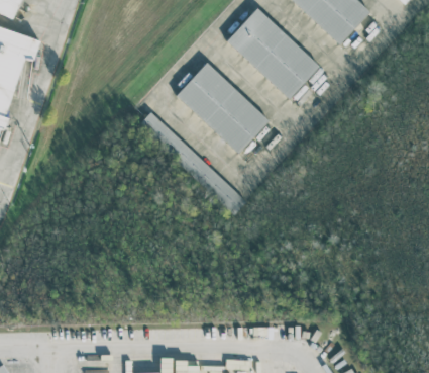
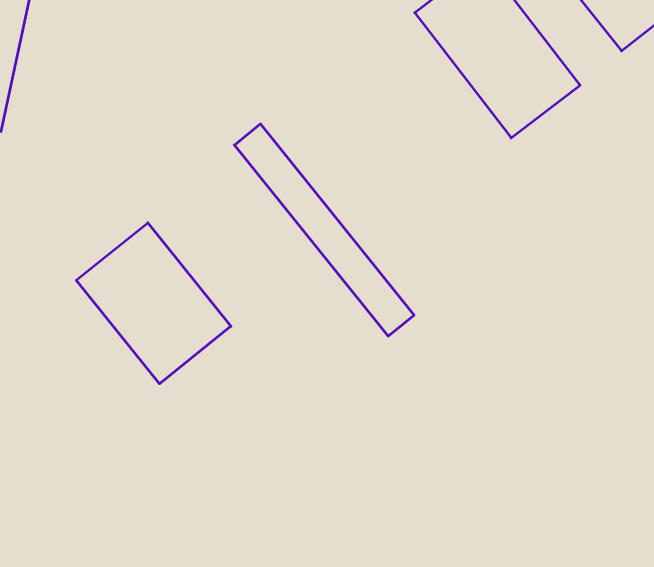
building: [173,60,265,152] -> none
building: none -> [76,223,231,384]

